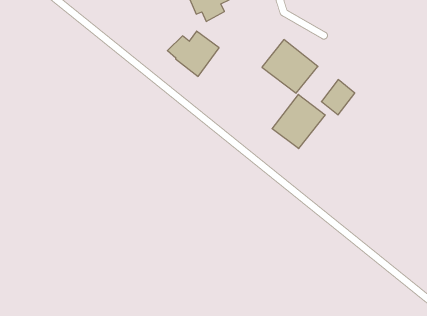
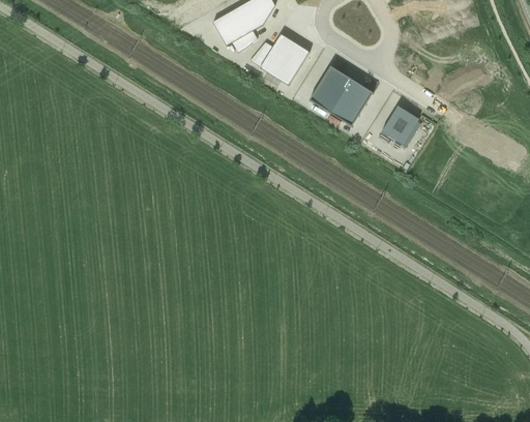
building: [167,31,219,76] -> [249,33,308,85]
building: [272,94,325,149] -> none

